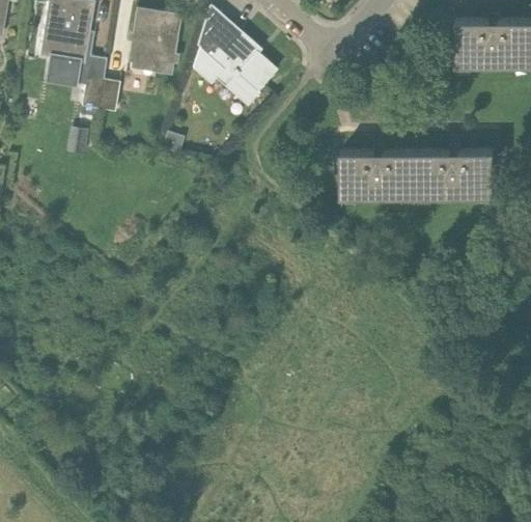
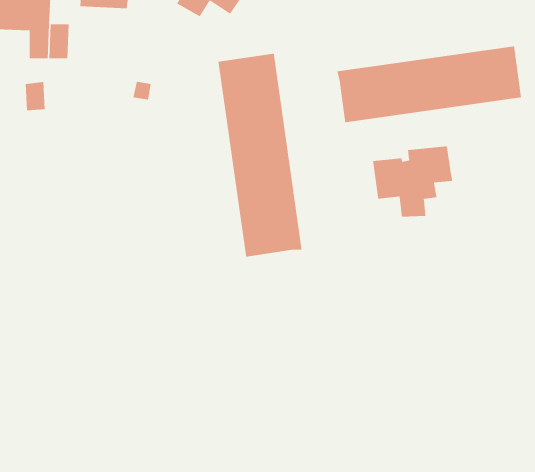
building: none -> [218,53,302,257]
building: none -> [372,145,453,218]

